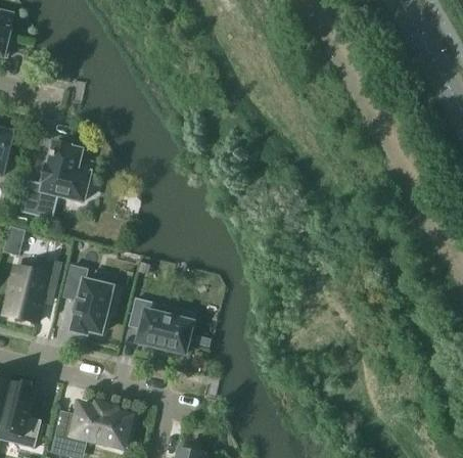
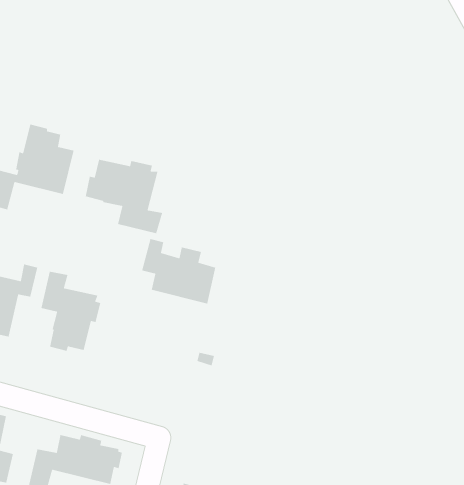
building: none -> [85,159,163,234]
building: [128,297,191,354] -> [141,238,216,305]

